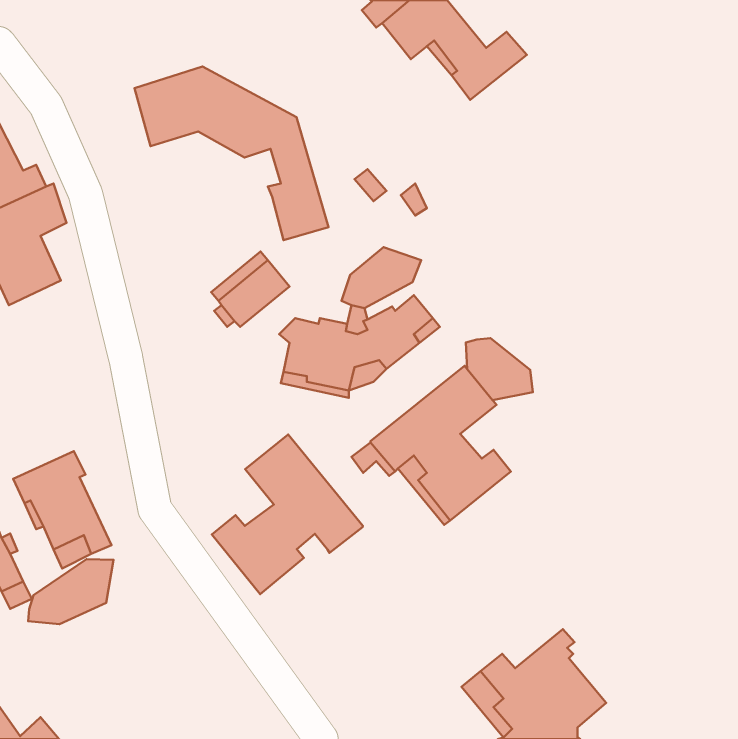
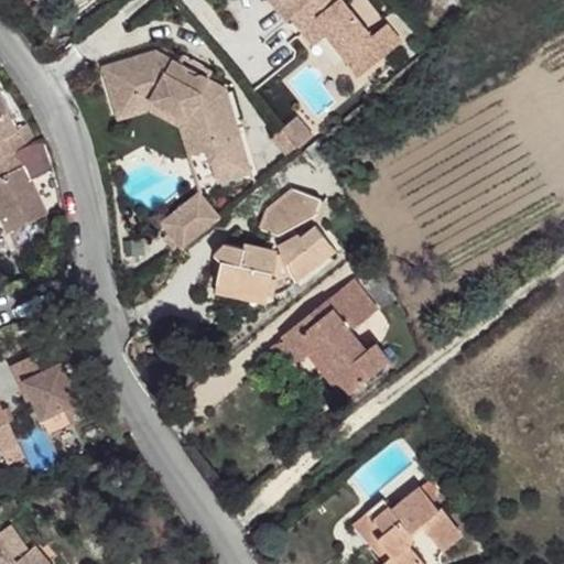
building: none -> [115,100,214,155]
building: [466,338,533,400] -> none
building: [212,435,363,594] -> none
building: [28,559,113,624] -> none

